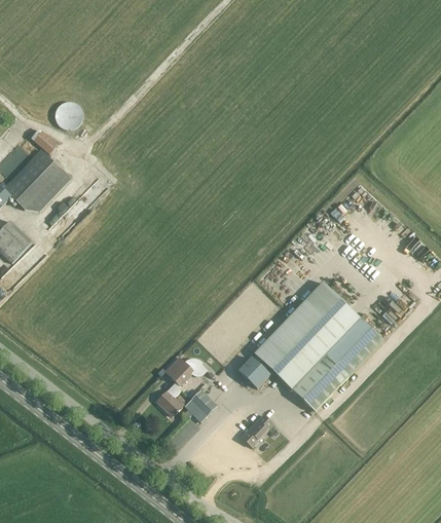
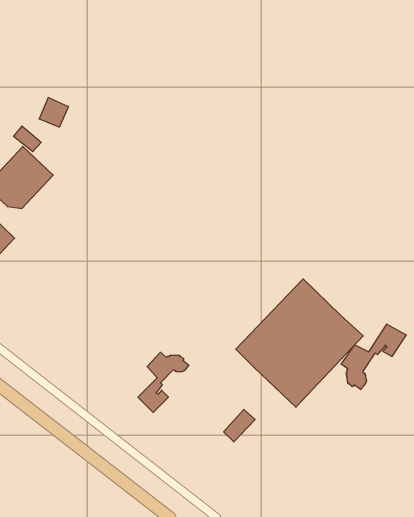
building: none -> [341,324,406,390]
building: [236,352,272,388] -> none
building: [183,389,216,421] -> none

